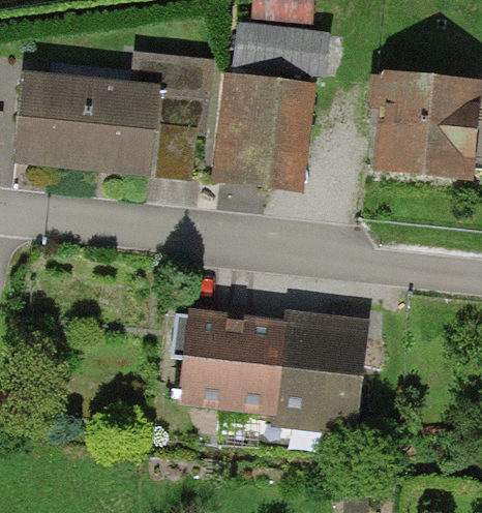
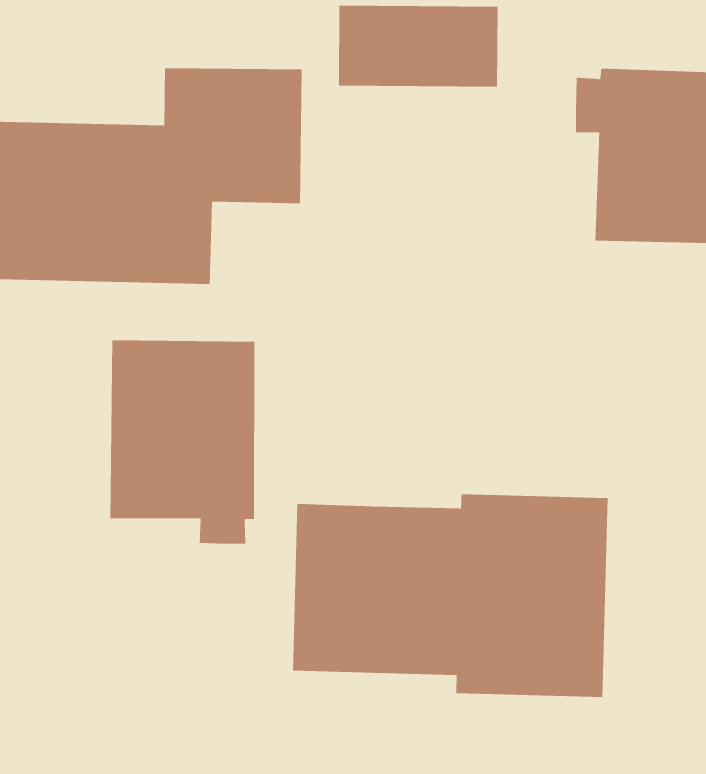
building: [213,71,315,191] -> none
building: none -> [110,340,255,545]

